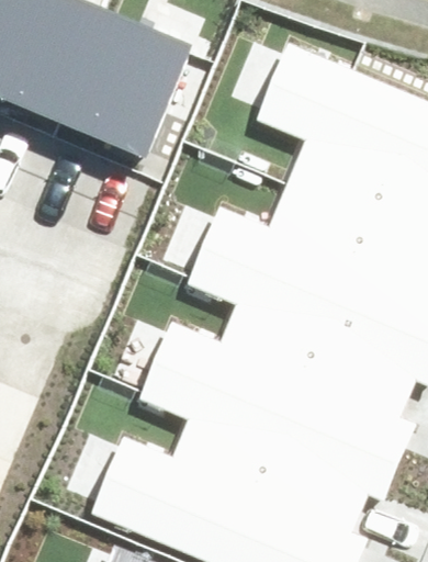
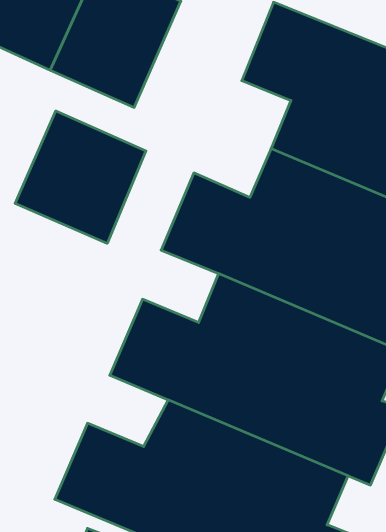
building: none -> [15,111,146,243]

